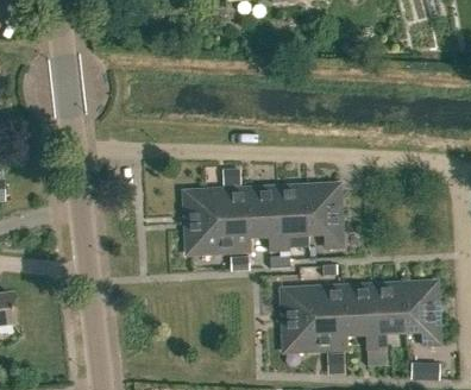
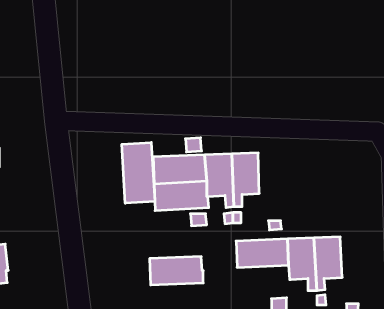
building: none -> [122,142,155,203]
building: [308,184,343,246] -> none
building: [404,282,440,345] -> none
building: [283,317,346,351] -> [150,257,203,285]

